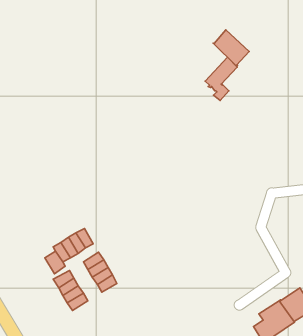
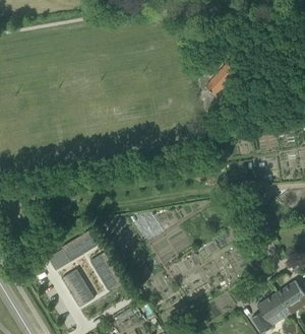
building: [213,30,249,66] -> none

